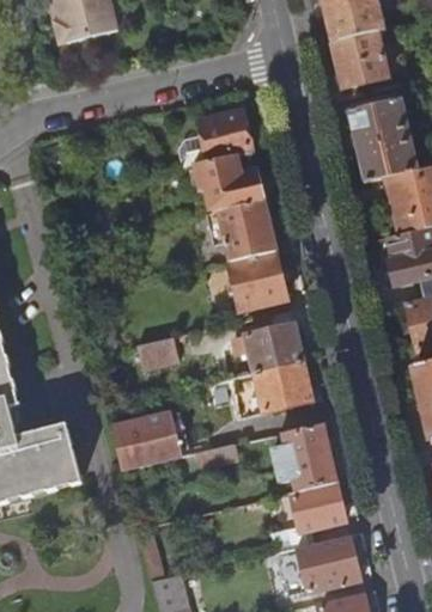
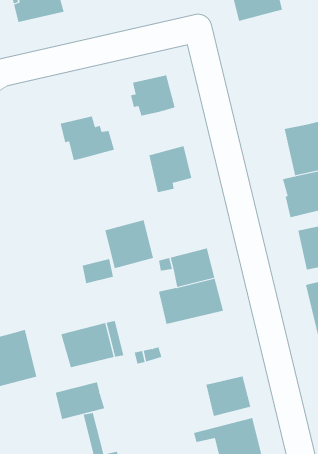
building: [330,31,388,88] -> none
building: [347,100,415,182] -> none
building: [195,154,263,209] -> [60,116,115,160]
building: [226,249,287,310] -> [104,219,154,269]
building: [272,422,336,490] -> none
building: none -> [55,382,105,420]

